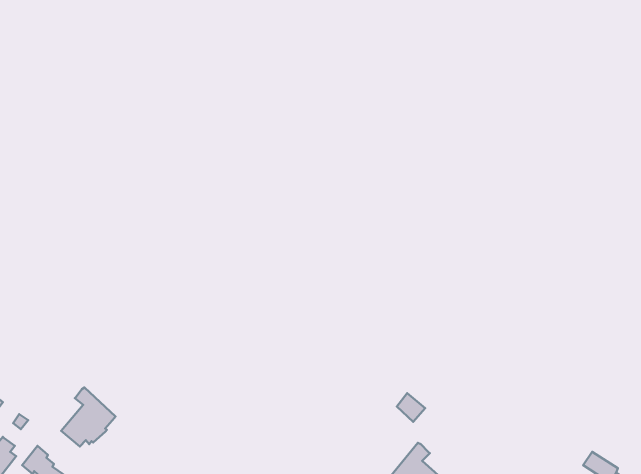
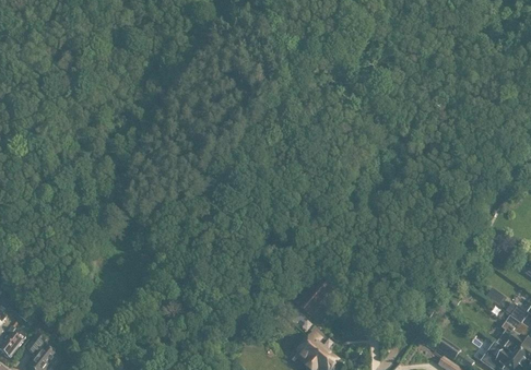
building: [61,388,116,446] -> none

